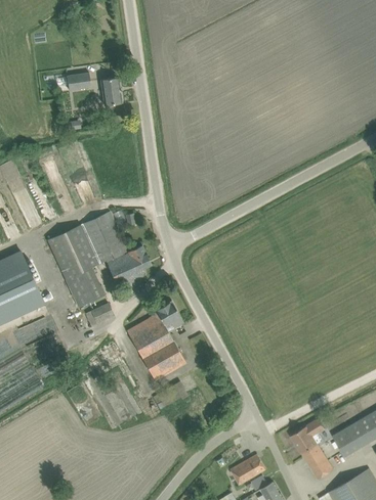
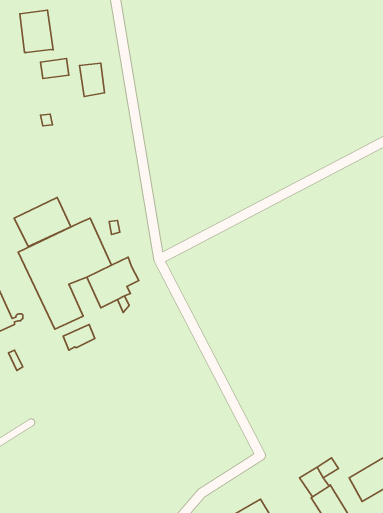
building: none -> [20,10,53,53]
building: none -> [14,198,71,246]
building: [128,301,185,380] -> none

